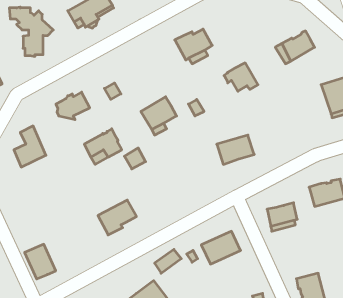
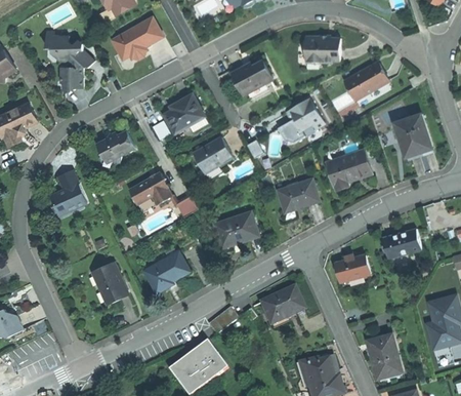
building: none -> [305,36,339,64]
building: none -> [163,94,208,134]
building: none -> [278,118,304,143]
building: none -> [327,151,371,190]
building: none -> [213,212,258,247]
building: [25,244,56,279] -> [92,263,127,302]

